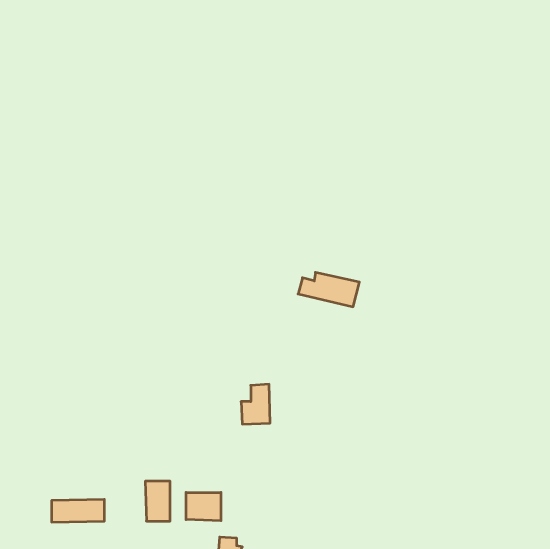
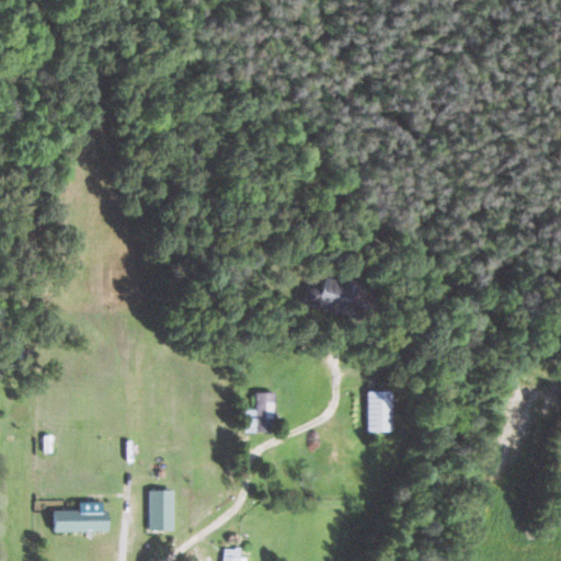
building: none -> [367,391,392,432]
building: [186,492,221,521] -> none

